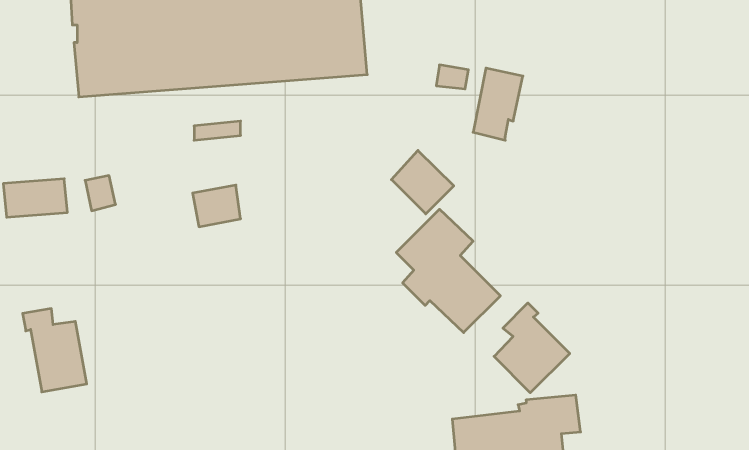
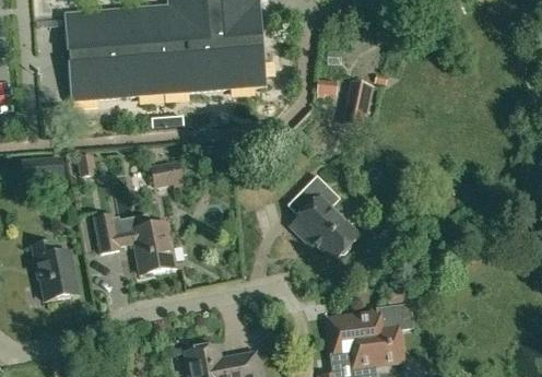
building: [391,150,454,214] -> none
building: none -> [94,214,176,274]
building: [494,303,570,393] -> none

